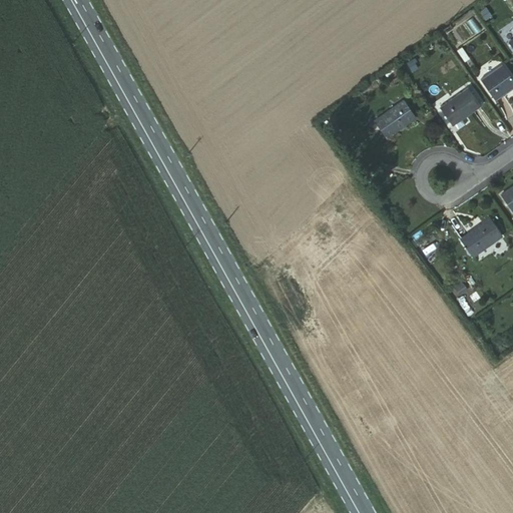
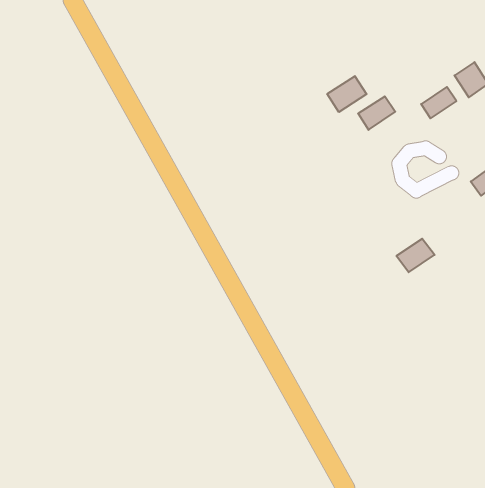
building: none -> [327,76,367,112]
building: [459,218,499,253] -> [396,239,435,272]

